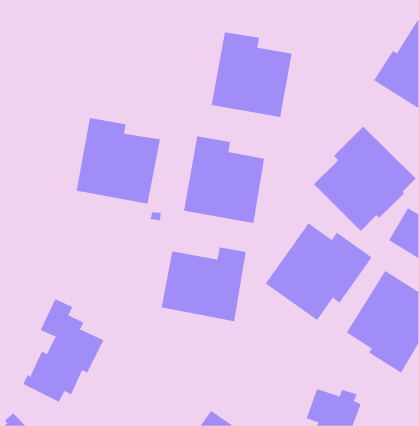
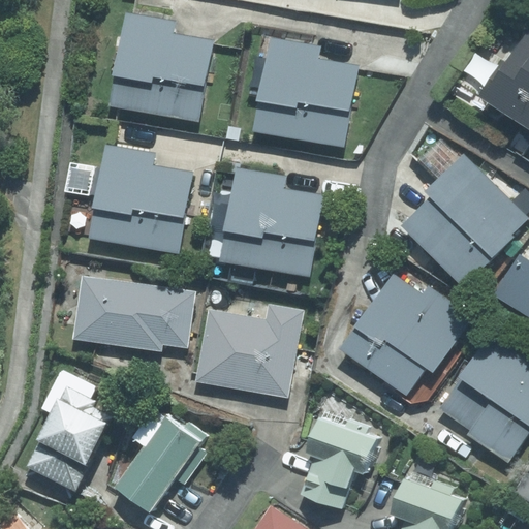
building: none -> [113,13,218,121]
building: none -> [76,276,199,352]
building: none -> [128,414,211,510]
building: none -> [288,419,365,511]

